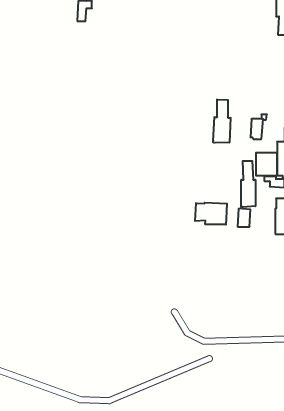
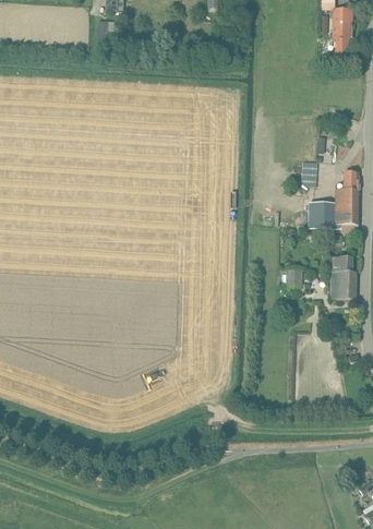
building: [213,99,231,143] -> none
building: [241,161,255,207] -> none
building: [195,203,227,225] -> none

